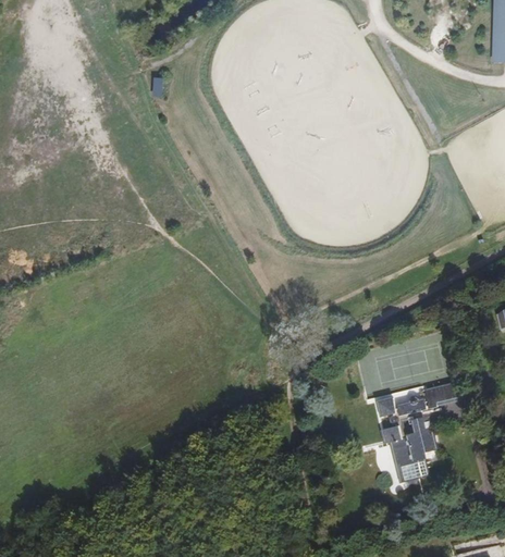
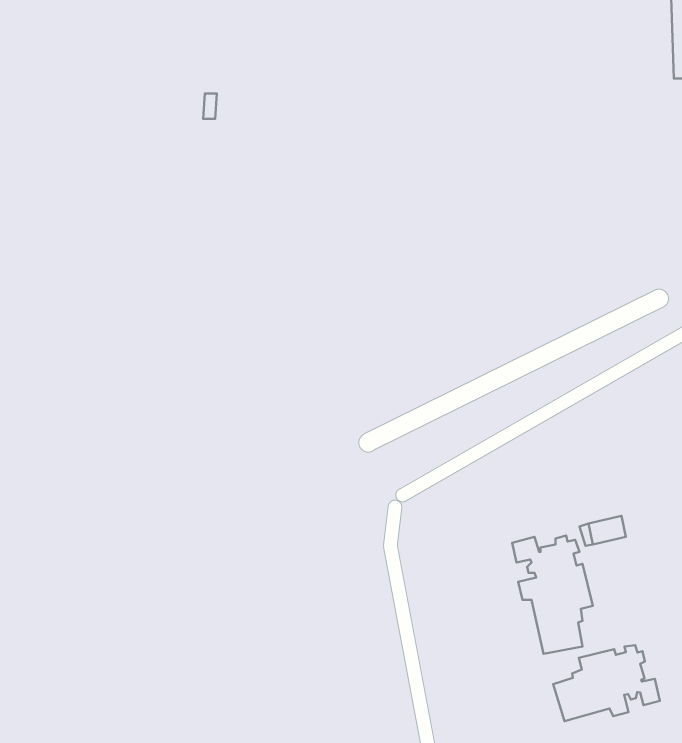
building: none -> [553,645,660,721]

